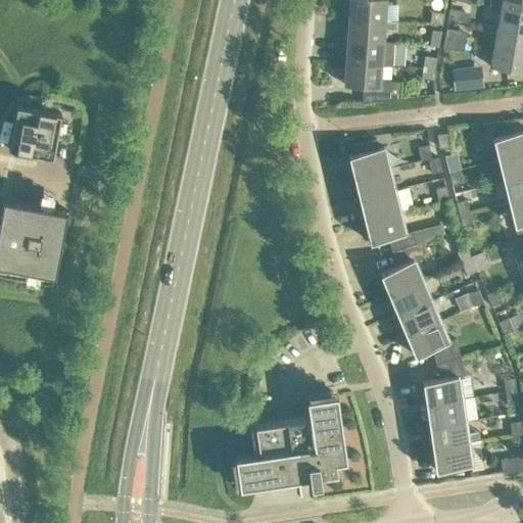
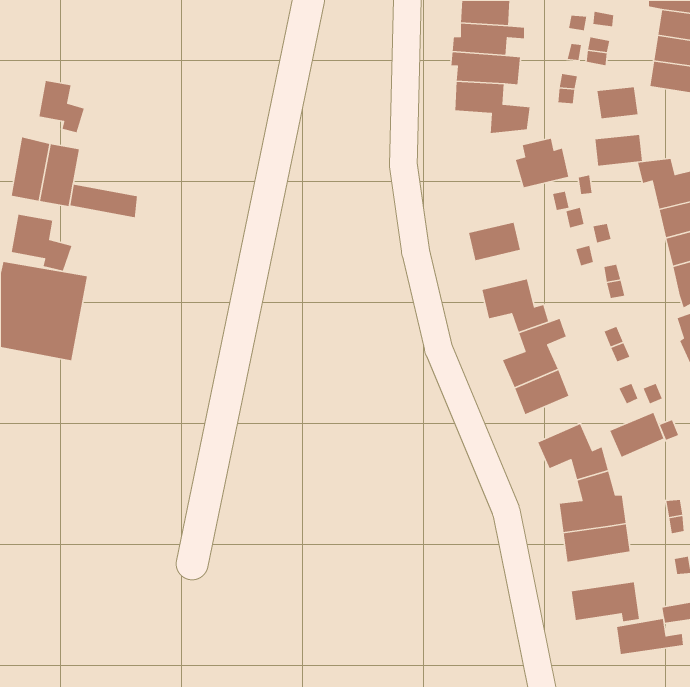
building: none -> [38,80,85,133]
building: none -> [595,134,643,166]
building: [348,141,389,179] -> [515,138,569,188]
building: none -> [69,184,138,218]
building: none -> [11,214,73,272]
building: [360,192,399,222] -> none
building: [397,302,439,337] -> [609,412,665,458]
building: [235,396,347,488] -> none
building: [429,422,480,449] -> [616,618,684,655]

